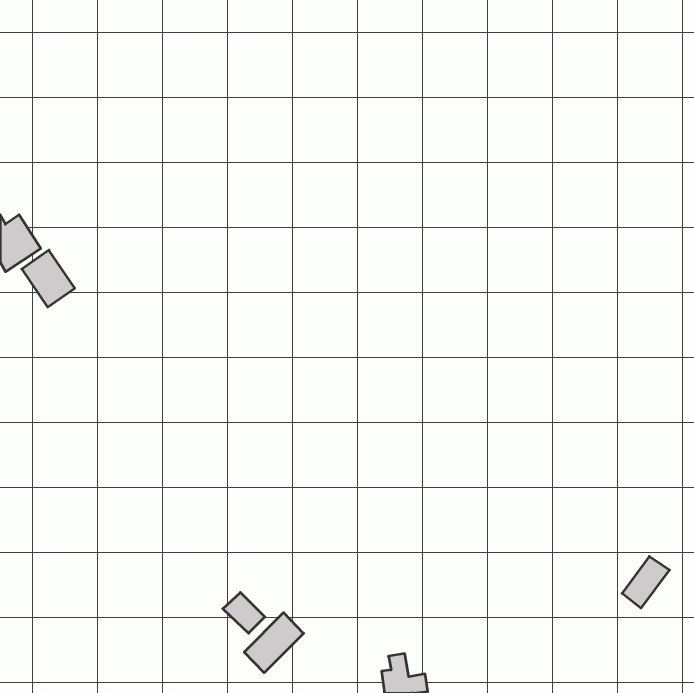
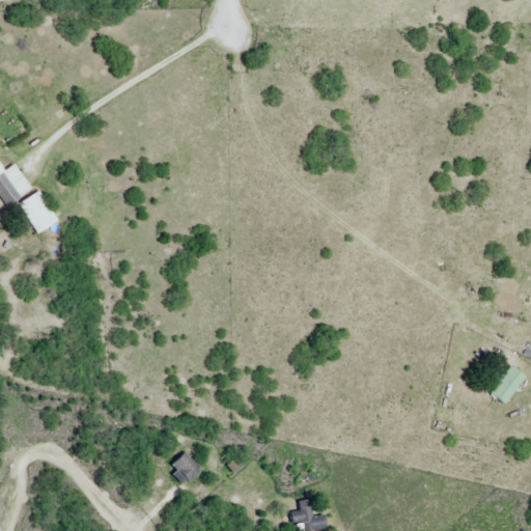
building: [622,556,670,608] -> [490,365,526,404]
building: [244,613,304,673] -> none

